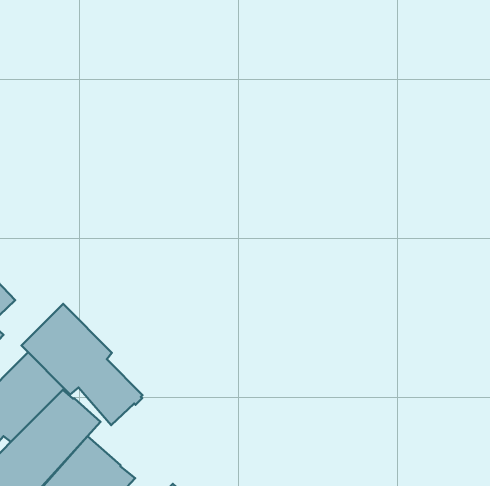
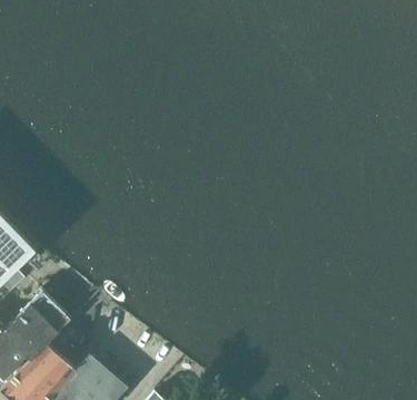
building: [21,304,143,425] -> none

